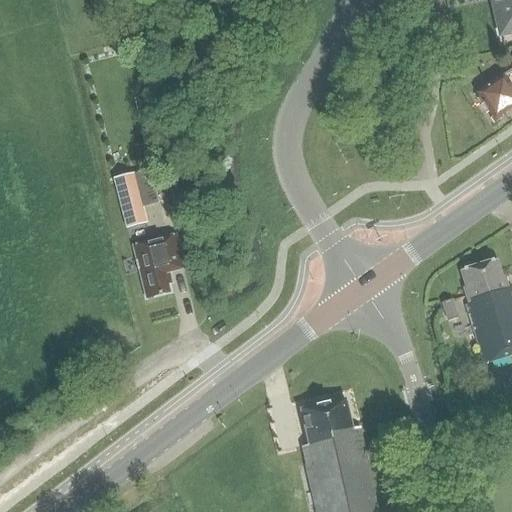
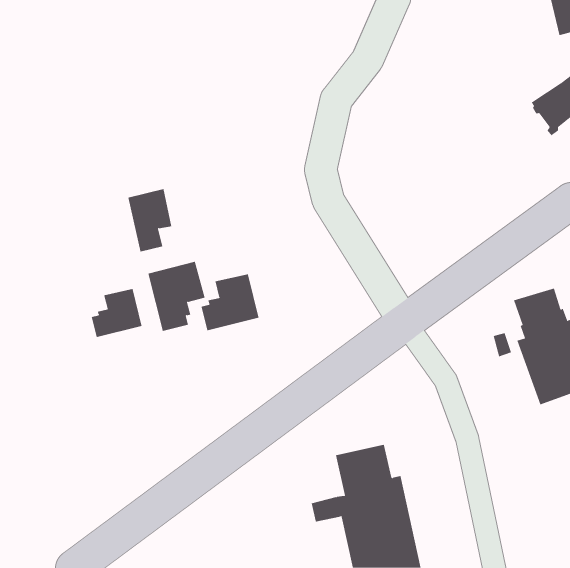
building: none -> [201,273,259,331]
building: none -> [91,288,142,338]

